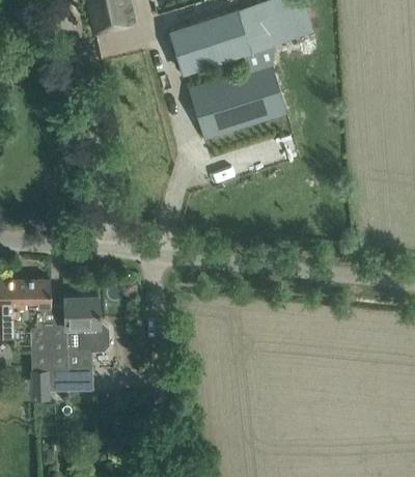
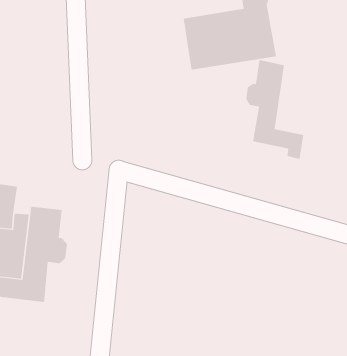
building: none -> [246,59,304,160]

